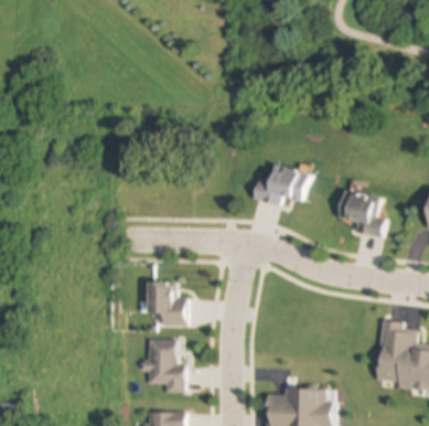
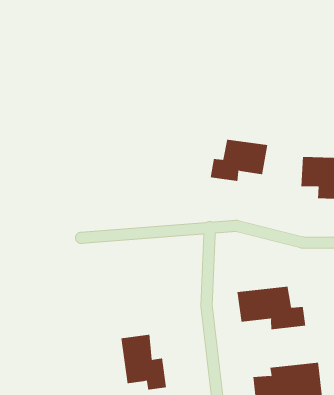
building: [146,283,186,324] -> none
building: none -> [237,286,306,330]

